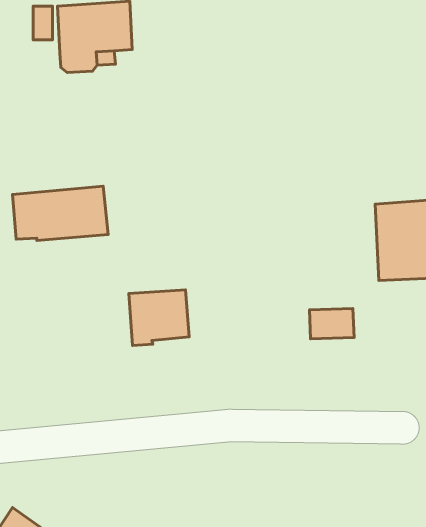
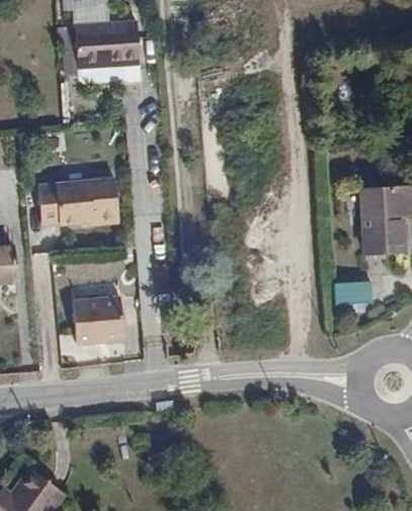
building: [129,290,189,345] -> [75,296,126,343]
building: [309,309,354,339] -> [334,280,372,306]

